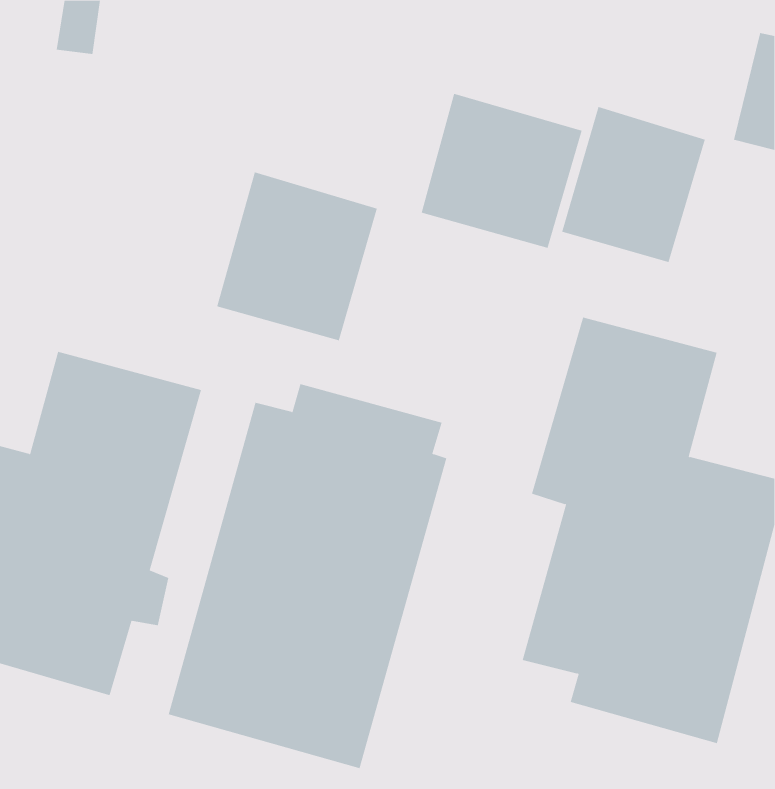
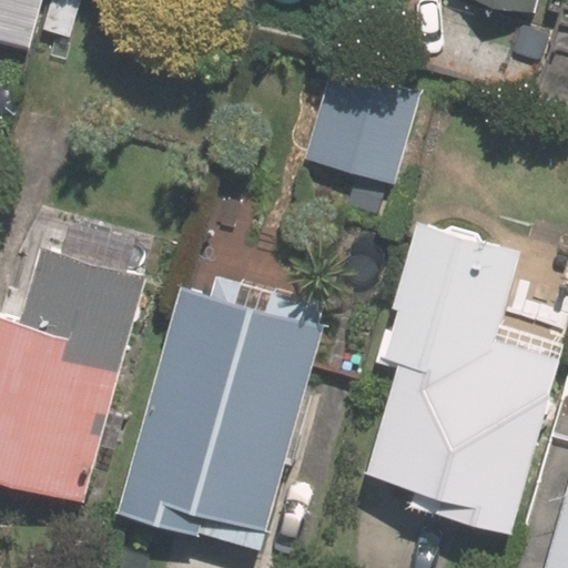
building: [562,106,706,263] -> none
building: [217,172,378,341] -> none

